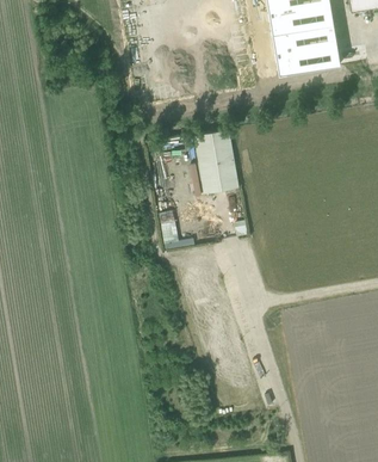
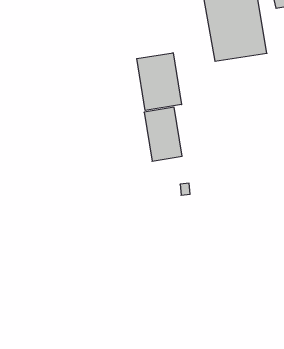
building: none -> [137,53,182,110]

